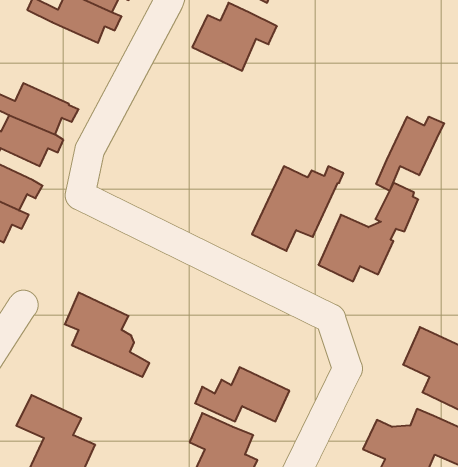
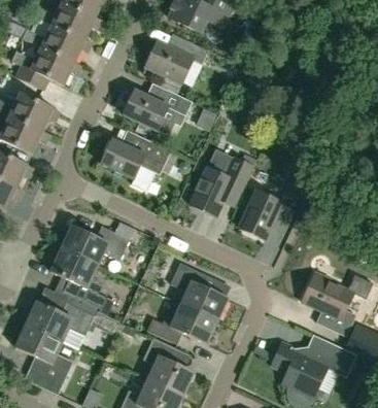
building: none -> [10,46,80,90]
building: none -> [122,81,192,130]
building: [376,117,444,191] -> none
building: none -> [99,137,175,178]
building: none -> [60,225,129,265]
building: none -> [169,262,230,320]
building: none -> [25,300,94,348]

